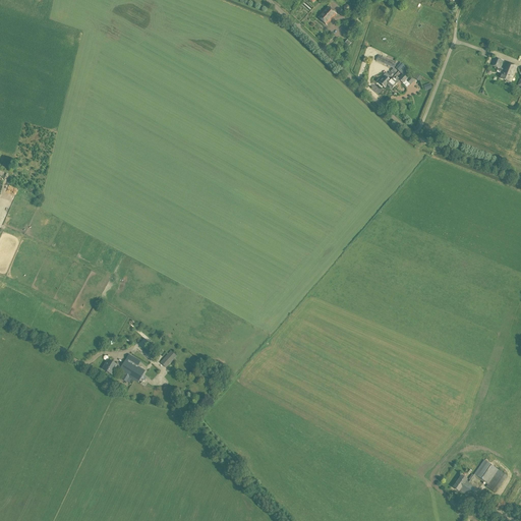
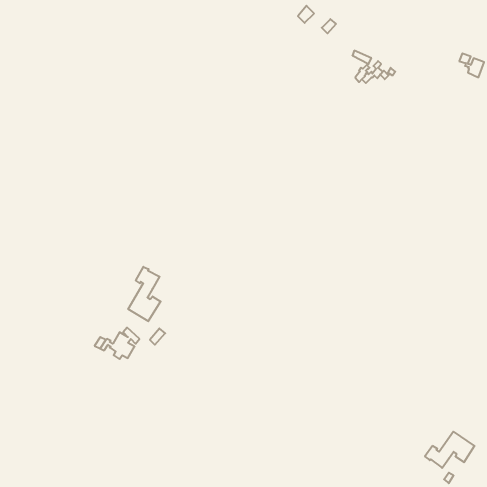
building: none -> [128,267,161,321]

